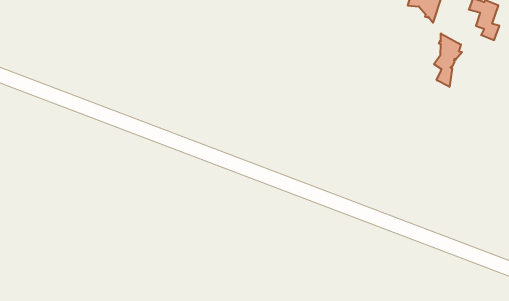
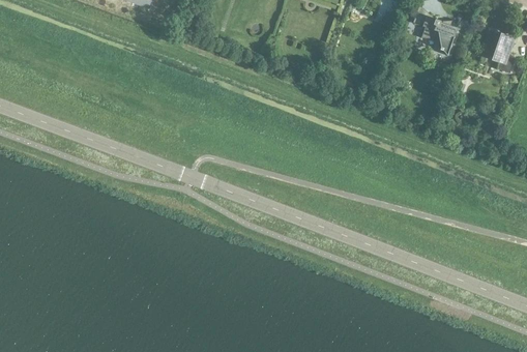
building: [434,33,462,87] -> none

